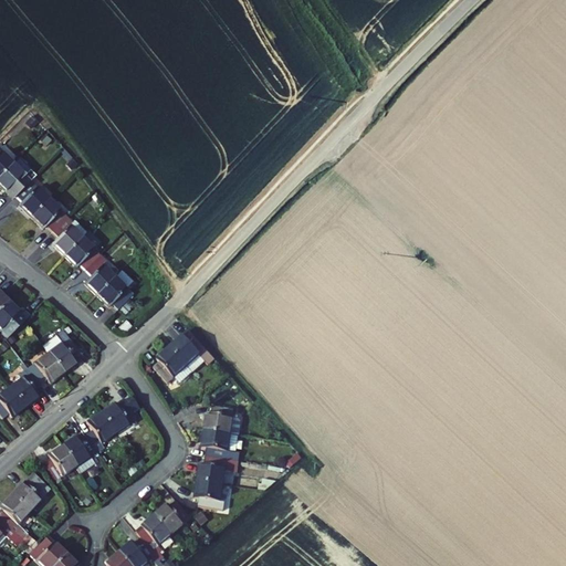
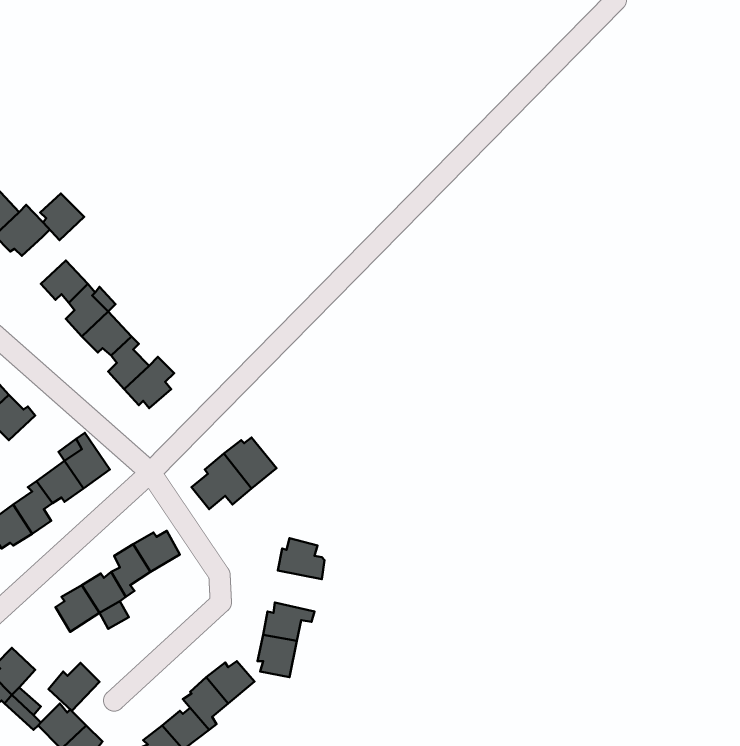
building: [17,180,50,216] -> [40,193,84,240]
building: [206,432,243,463] -> none
building: [9,471,48,507] -> [48,663,100,711]

